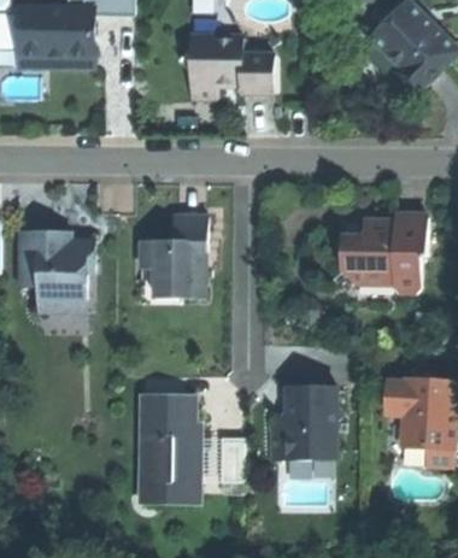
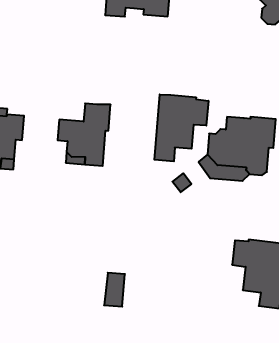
building: none -> [154,94,208,161]
building: [270,386,342,459] -> none
building: [139,395,198,495] -> none

